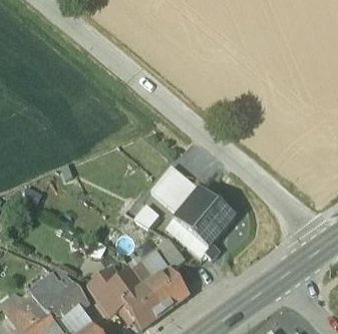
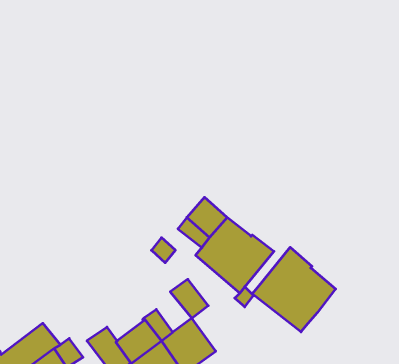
building: none -> [252,247,336,332]

